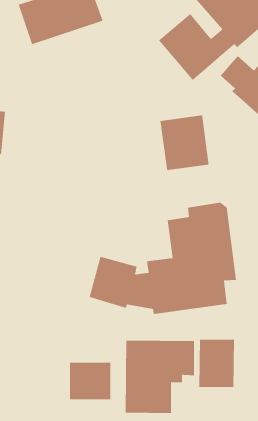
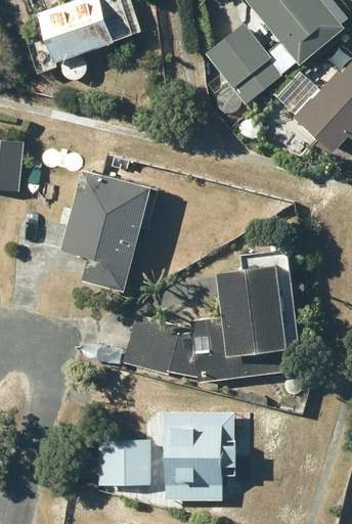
building: [160,115,209,171] -> none
building: none -> [60,167,158,290]
building: [199,339,234,388] -> none

